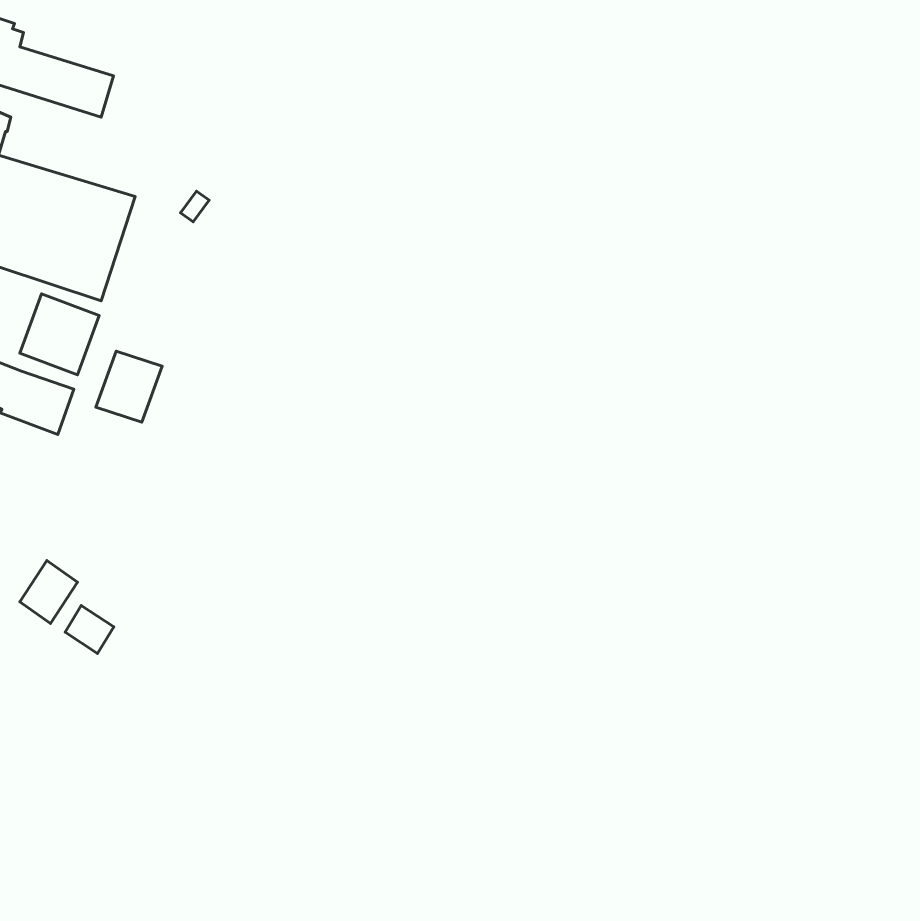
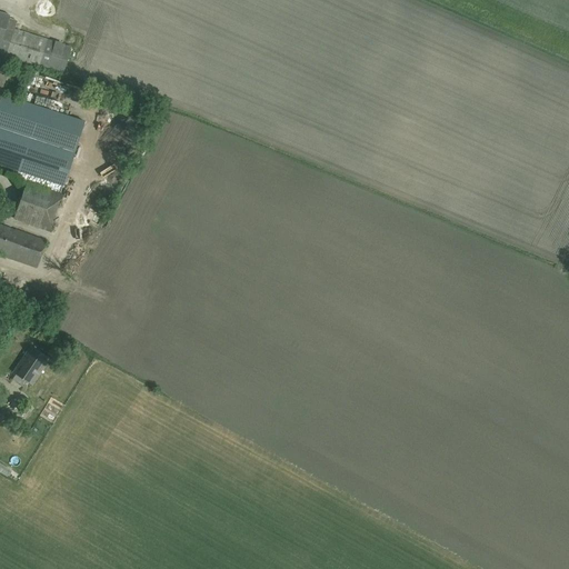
building: [96,351,162,422] -> none
building: [65,605,114,654] -> none

